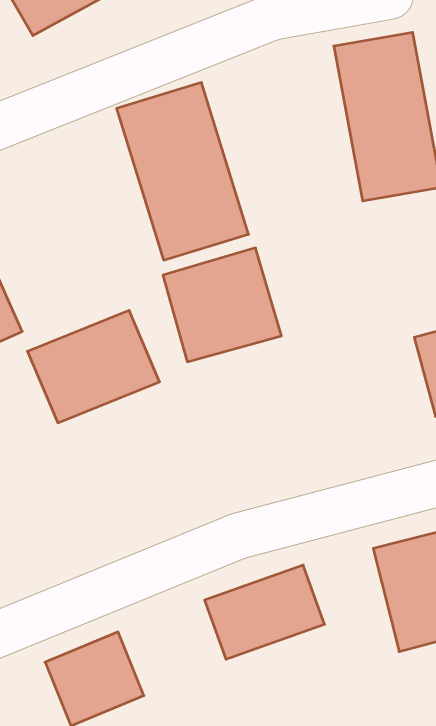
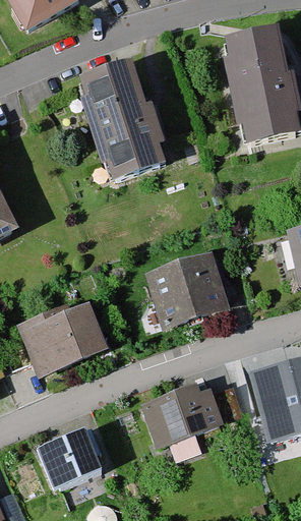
building: [163,248,281,362] -> [145,249,225,326]
building: [27,310,160,423] -> [18,299,107,374]

